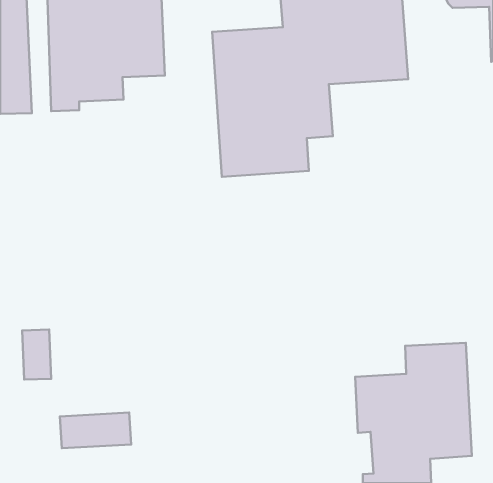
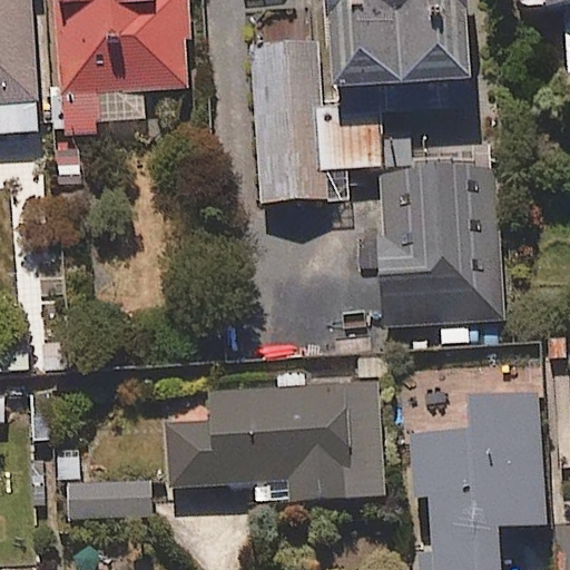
building: none -> [376,161,510,344]
building: none -> [167,368,382,500]

